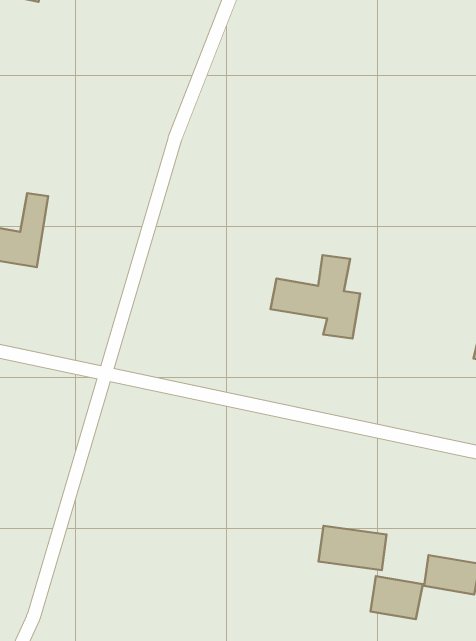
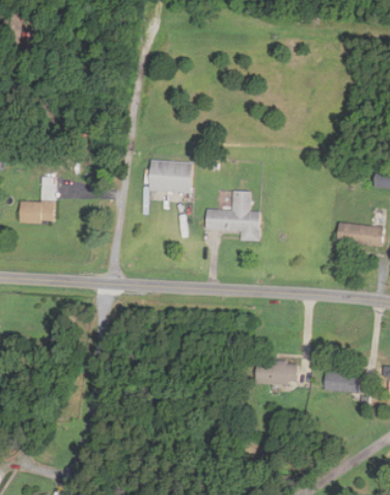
building: none -> [149,161,192,193]
building: [370,576,423,619] -> none

